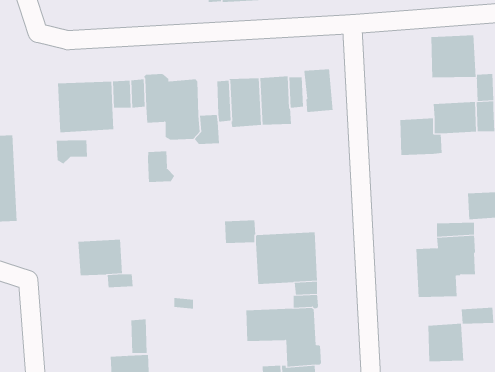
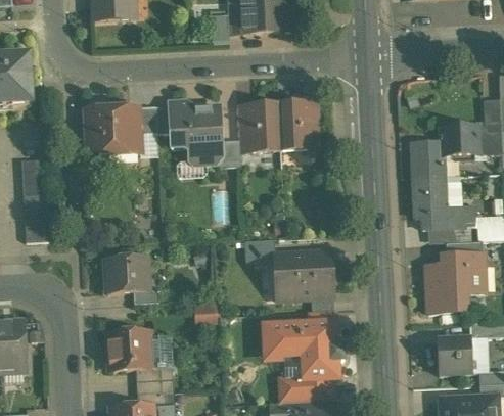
building: [431,34,476,78] -> none
building: [304,69,333,113] -> none
building: [56,139,87,164] -> none
building: [147,151,175,183] -> none
building: none -> [412,176,466,228]
building: none -> [107,330,152,369]

